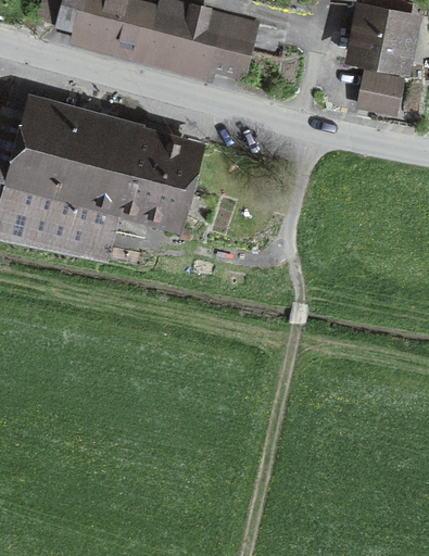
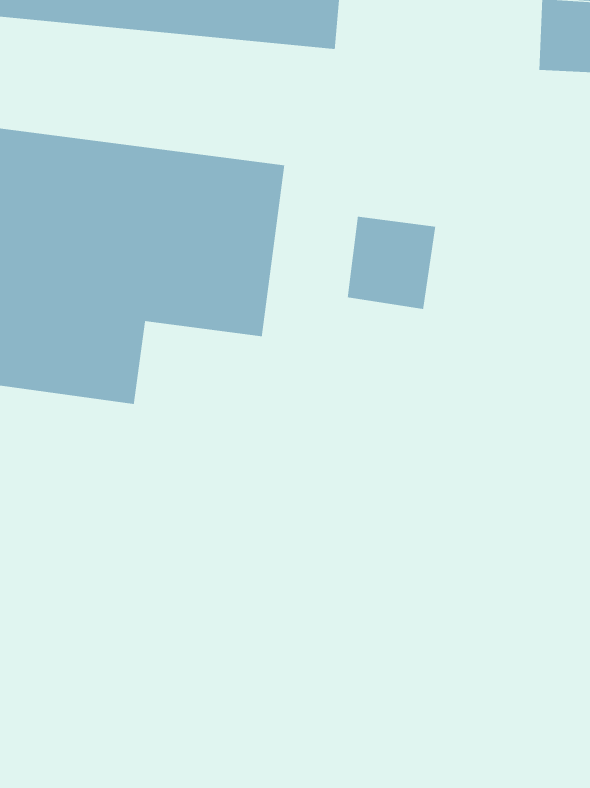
building: none -> [347,216,436,310]

